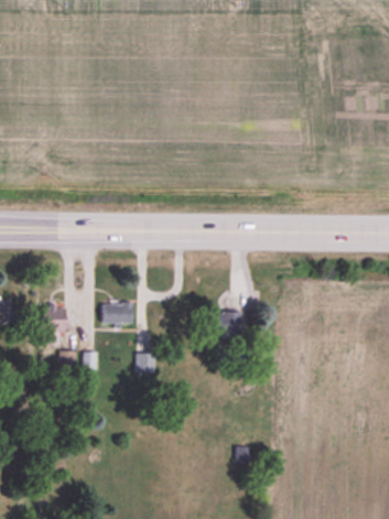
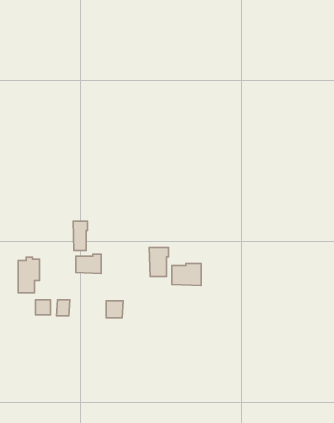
building: none -> [73,221,88,251]
building: none -> [149,247,168,277]

